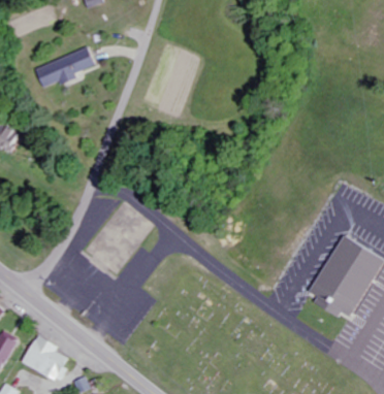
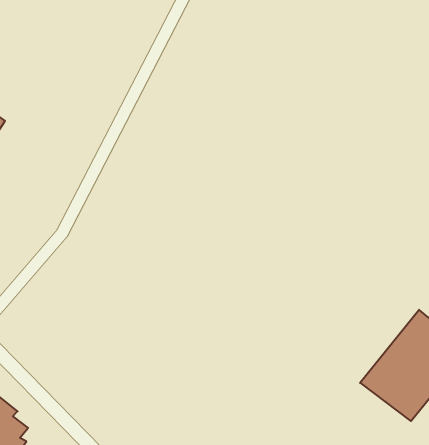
building: [34,47,94,88] -> none

